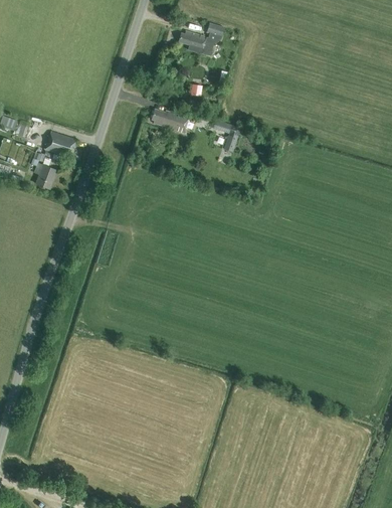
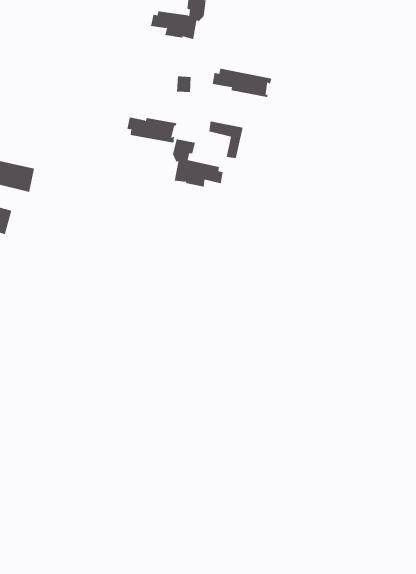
building: none -> [212,68,272,98]
building: none -> [173,138,223,187]

